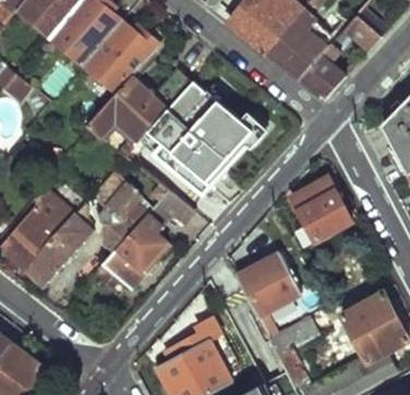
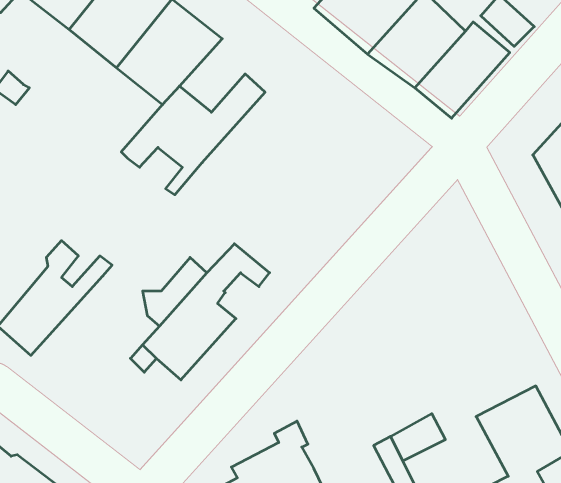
building: [145,82,263,196] -> none
building: [92,168,141,224] -> none
building: [291,173,352,239] -> none
building: [23,213,94,285] -> none
building: [236,250,300,312] -> none

